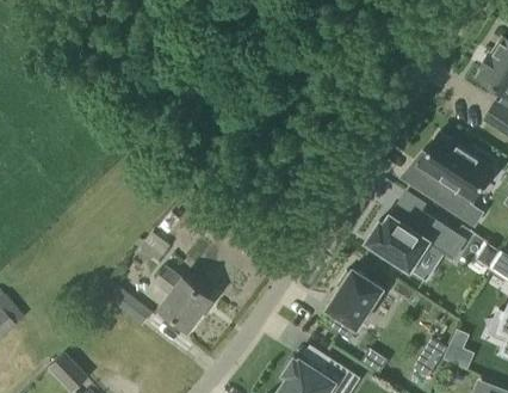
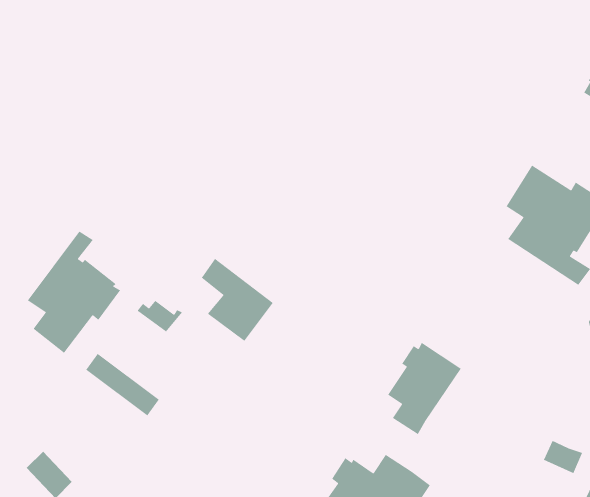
building: none -> [27,230,121,354]
building: [364,211,464,272] -> none
building: [154,265,210,330] -> [201,258,274,342]

